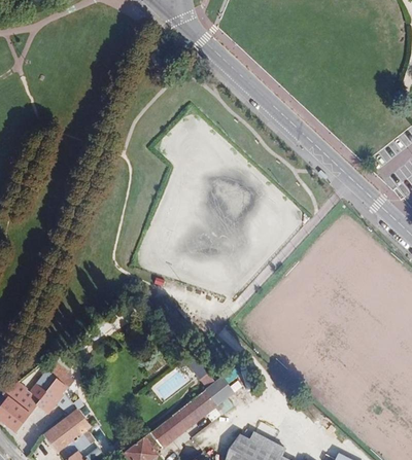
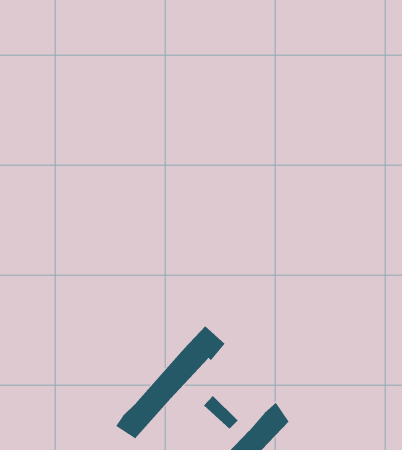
building: none -> [115,326,226,439]

